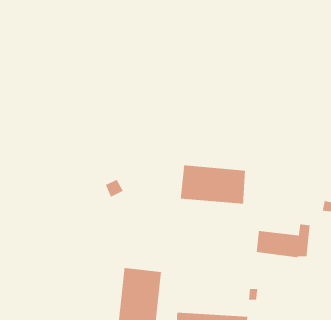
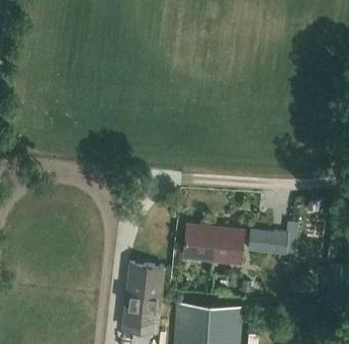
building: [180,164,246,205] -> [184,227,244,263]

